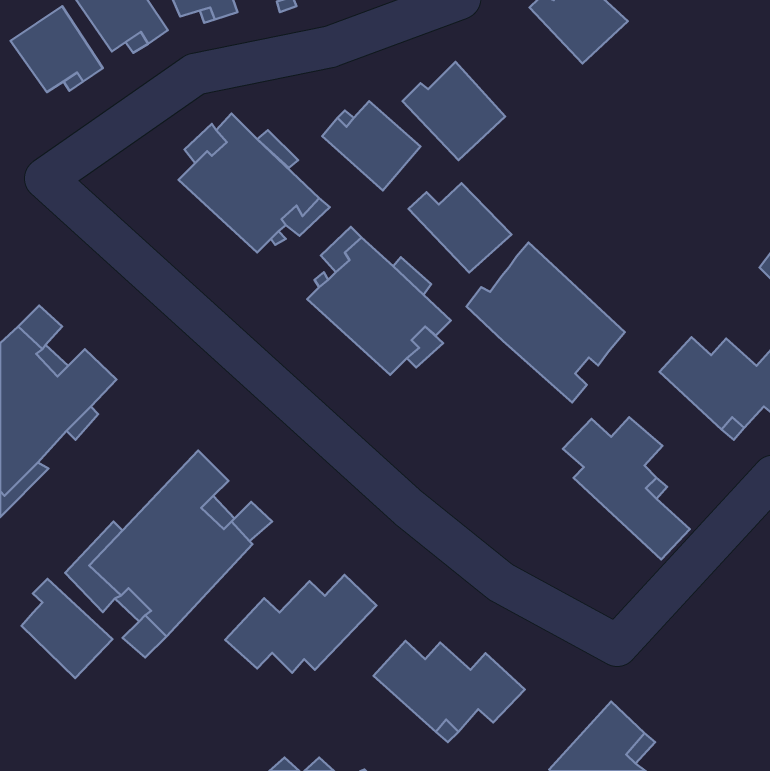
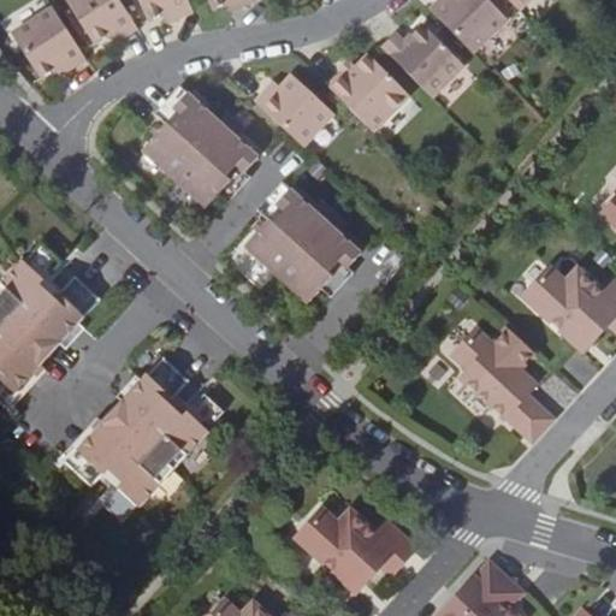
building: [408,183,511,272] -> [378,23,460,94]
building: [466,242,625,403] -> none
building: [225,575,377,673] -> none
building: [21,579,112,678] -> none

